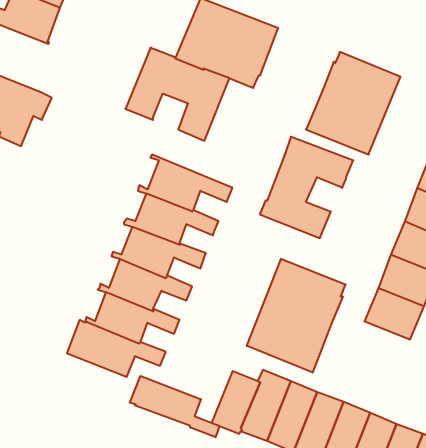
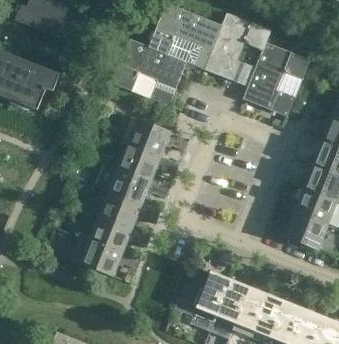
building: [260,137,353,238] -> [204,13,271,86]
building: [247,259,346,373] -> none
building: [130,376,220,437] -> none

